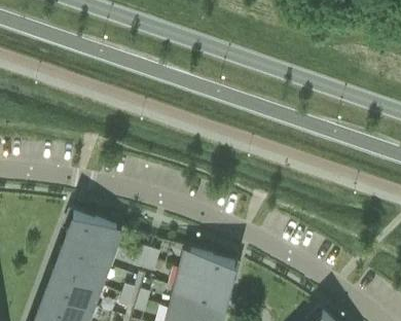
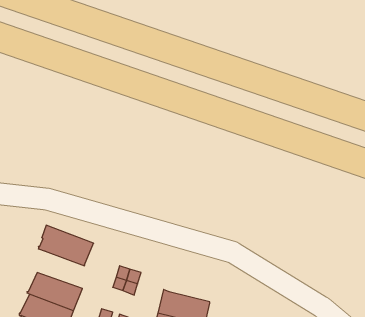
building: [64,233,114,266] -> none
building: [186,248,235,281] -> none

